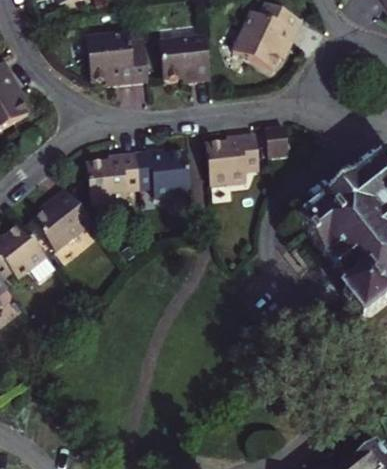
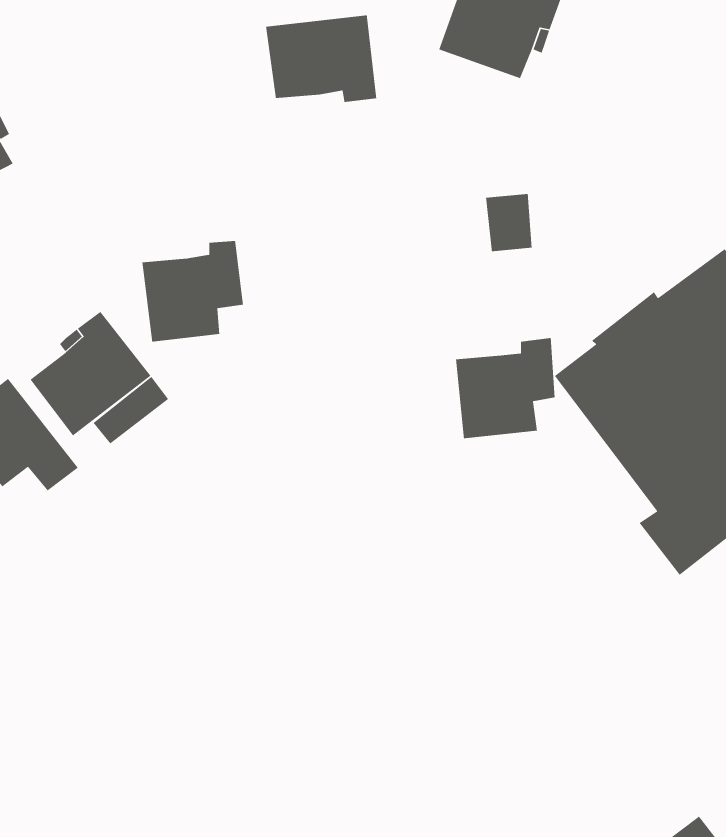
building: [84,32,148,83] -> none
building: [208,131,259,183] -> [455,337,555,439]
building: [137,148,190,195] -> none

